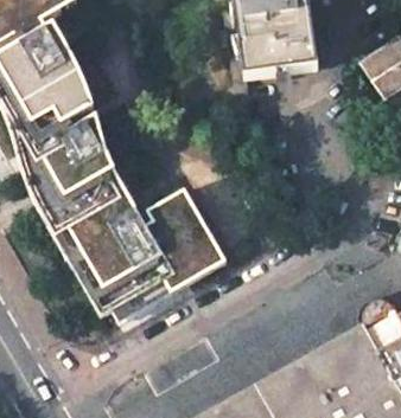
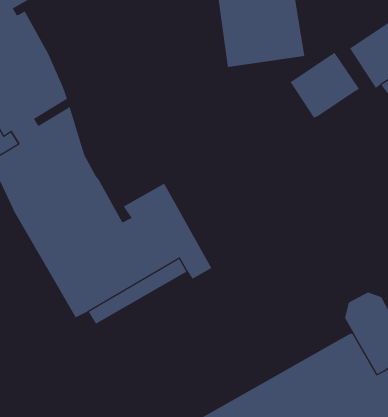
building: none -> [290,52,360,119]

